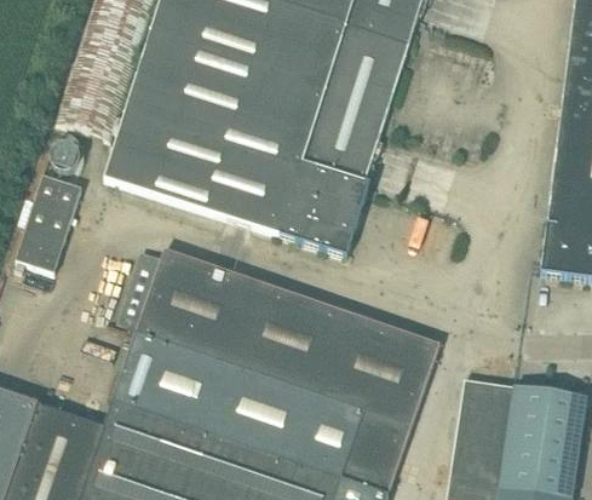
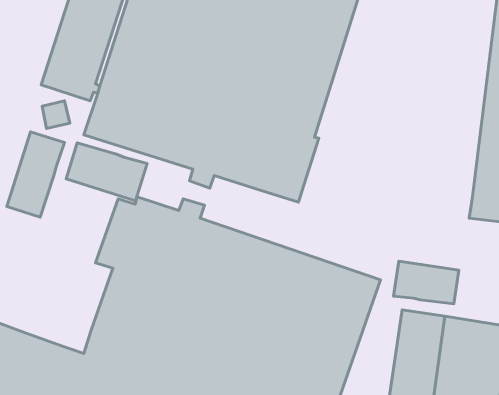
building: none -> [66,143,147,201]
building: none -> [394,261,459,304]

